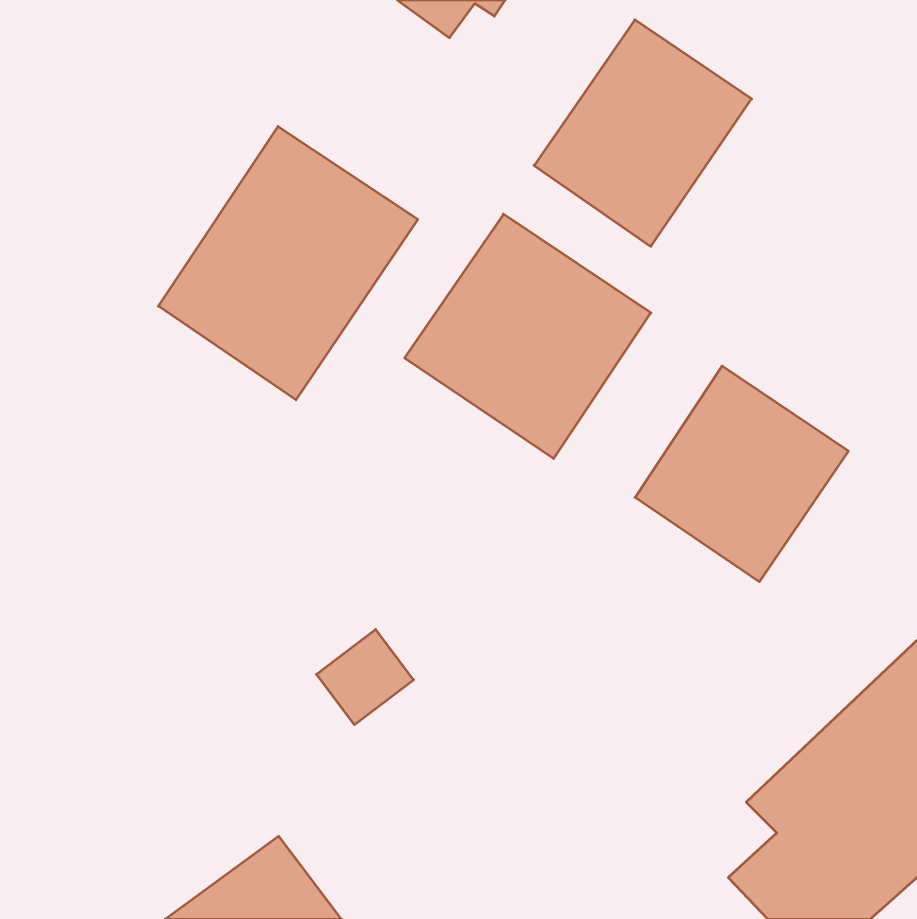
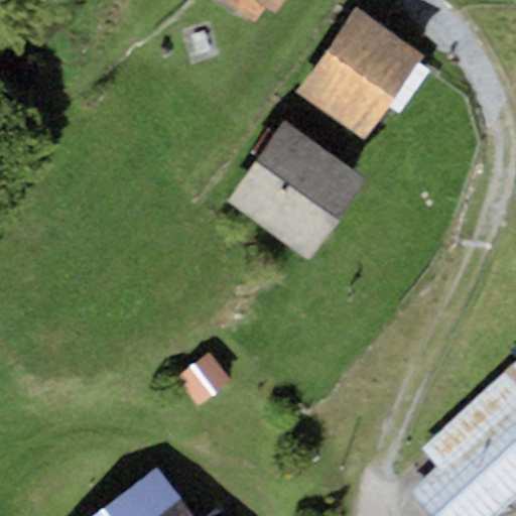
building: [158,126,418,400] -> none
building: [635,366,848,582] -> none

